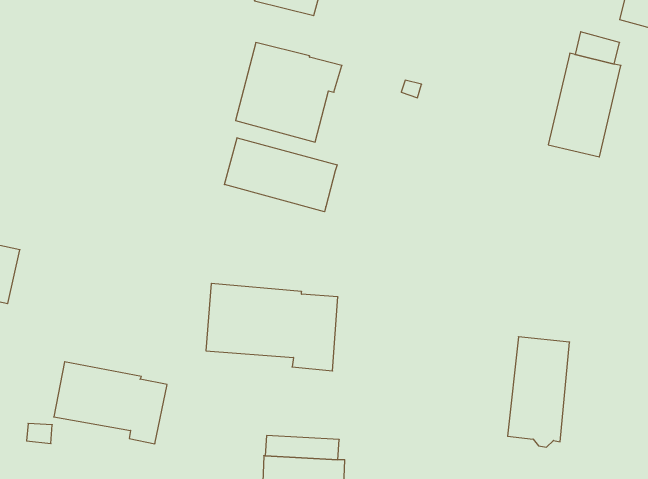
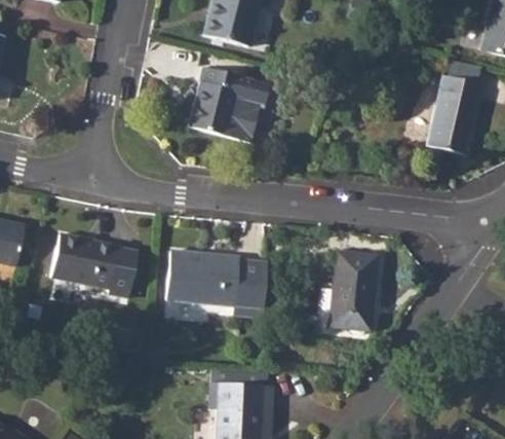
building: [224,138,337,212] -> none
building: [508,337,570,447] -> [328,251,376,335]
building: [54,362,167,444] -> [51,234,138,297]

